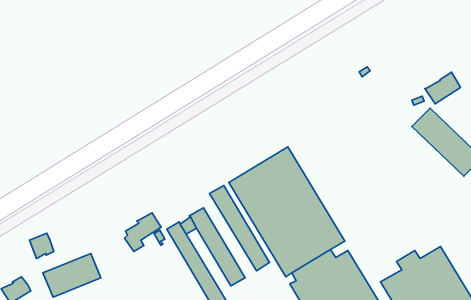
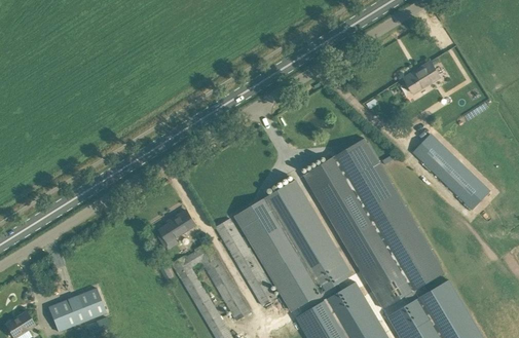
building: [425,72,461,104] -> [403,62,439,93]
building: none -> [303,139,444,308]
building: [125,213,161,251] -> [158,211,195,250]
building: [30,233,54,259] -> none

